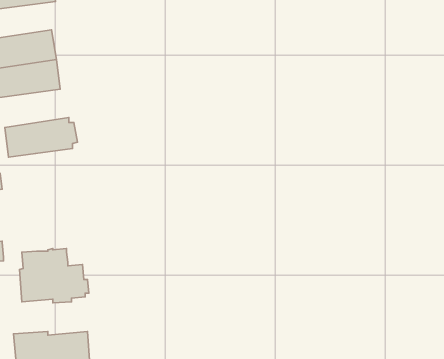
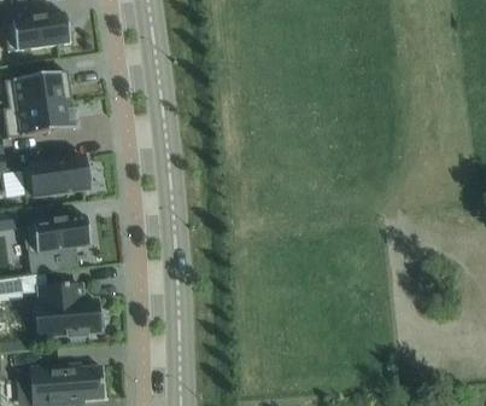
building: none -> [23,214,90,274]

